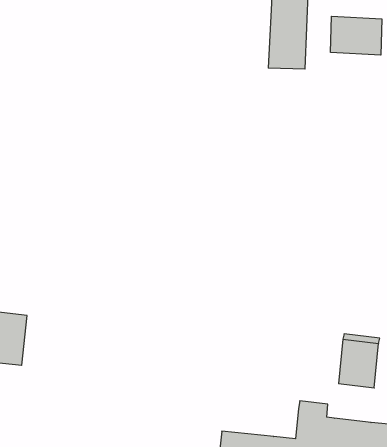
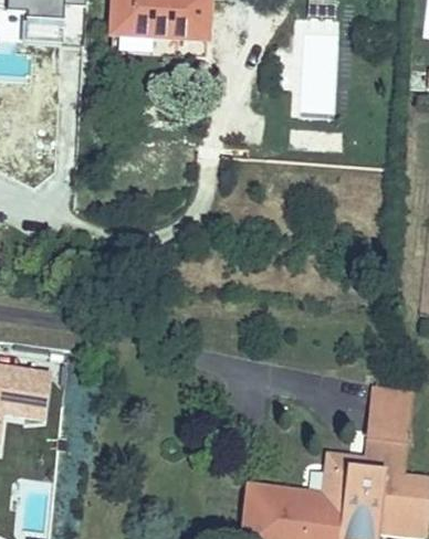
building: [331,16,382,55] -> none
building: none -> [357,438,406,478]

